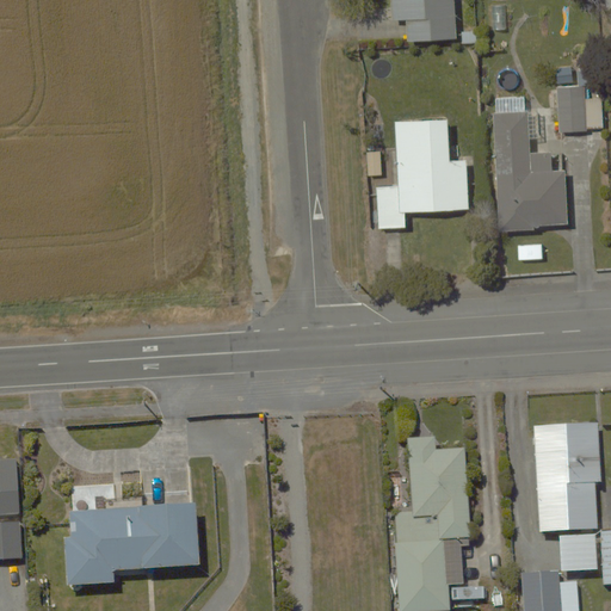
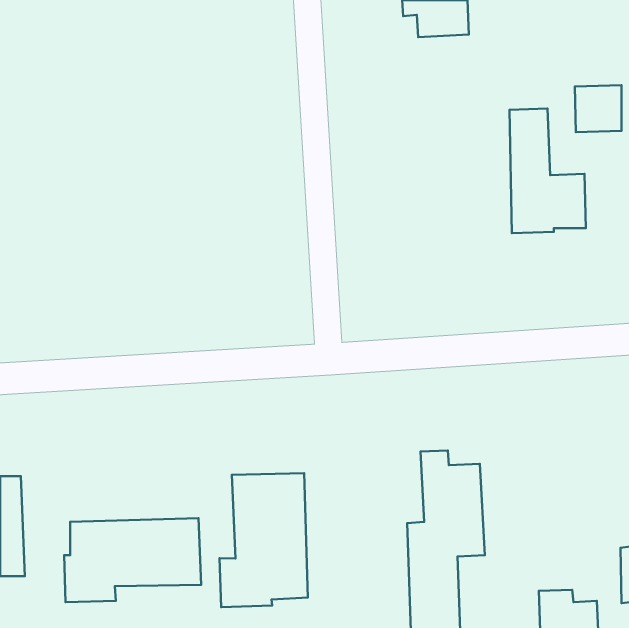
building: [378,119,469,226] -> none
building: [533,422,601,572] -> none
building: none -> [220,473,308,607]

